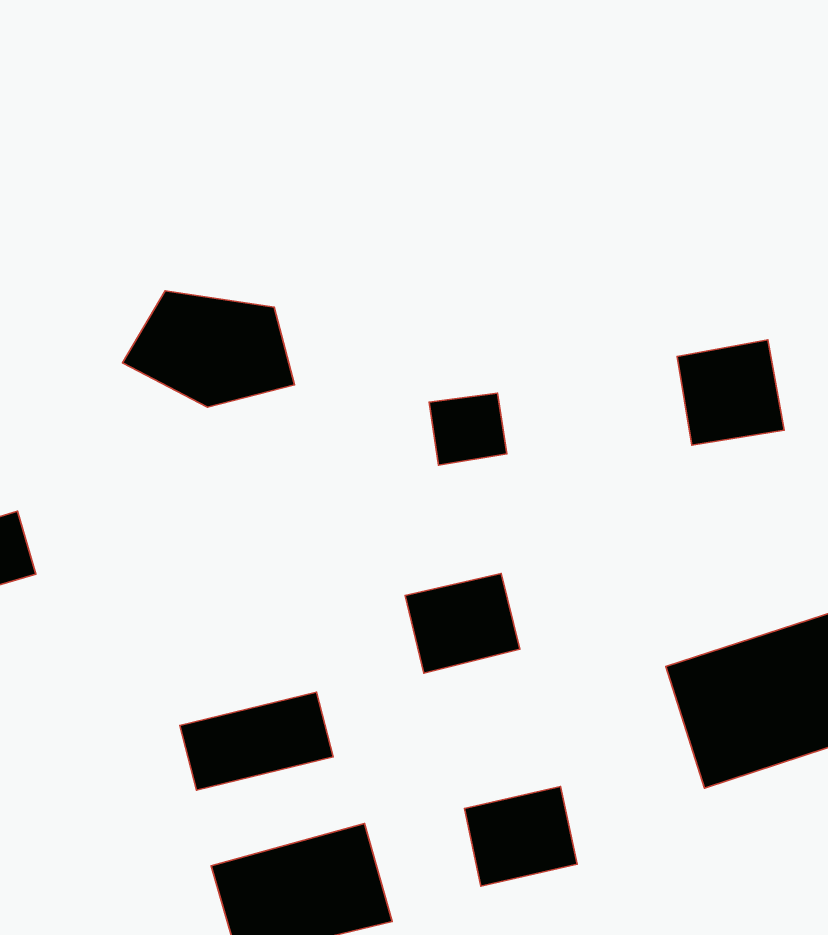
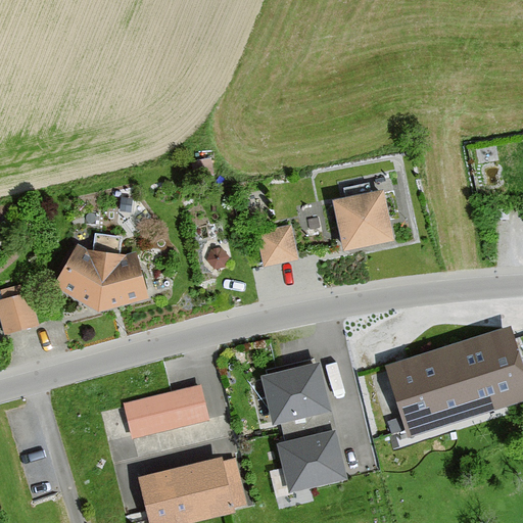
building: [123,291,294,407] -> [52,248,147,313]
building: [677,340,784,445] -> [335,194,394,252]
building: [405,573,520,673] -> [262,368,325,423]

